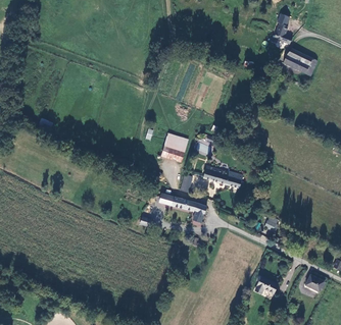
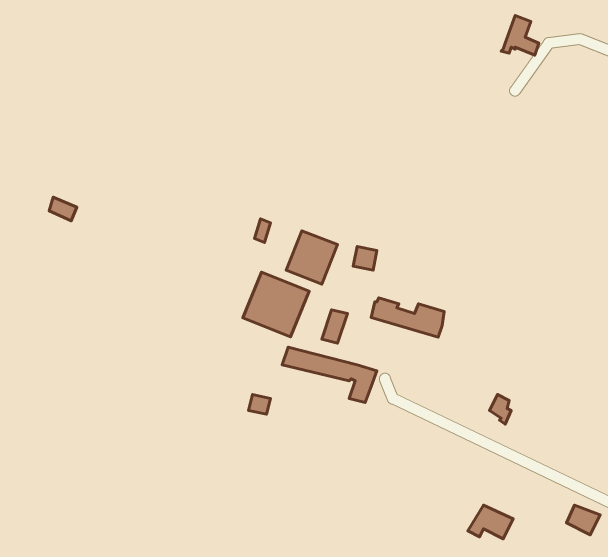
building: [283,50,319,77] -> none
building: none -> [243,272,309,337]

